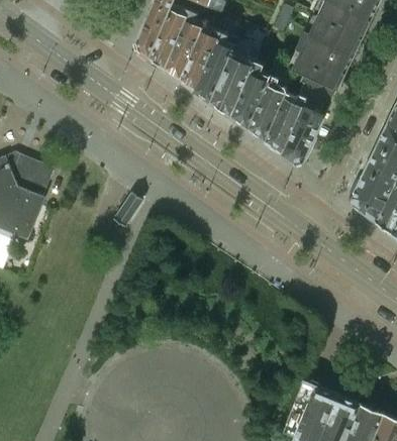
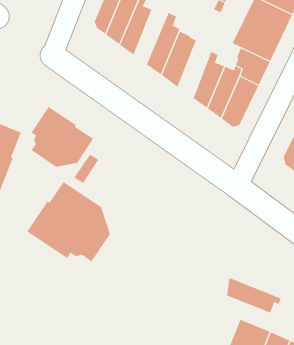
building: [181,28,220,91] -> none
building: [231,64,267,129] -> none
building: none -> [31,106,94,167]
building: none -> [27,181,111,262]
building: none -> [227,277,282,314]

